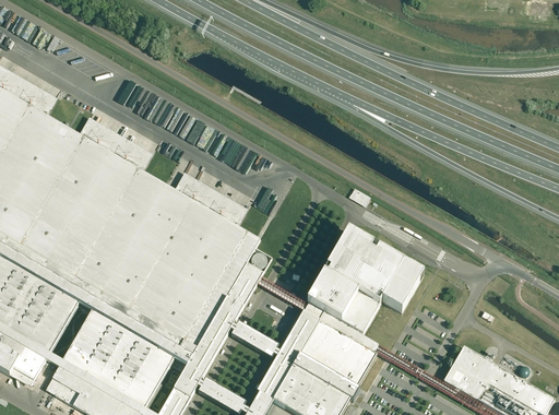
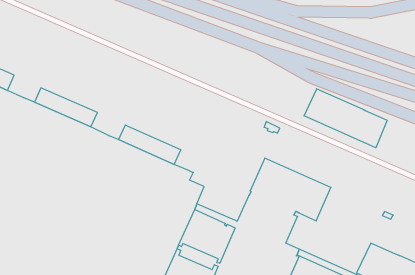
building: none -> [304,89,387,148]

